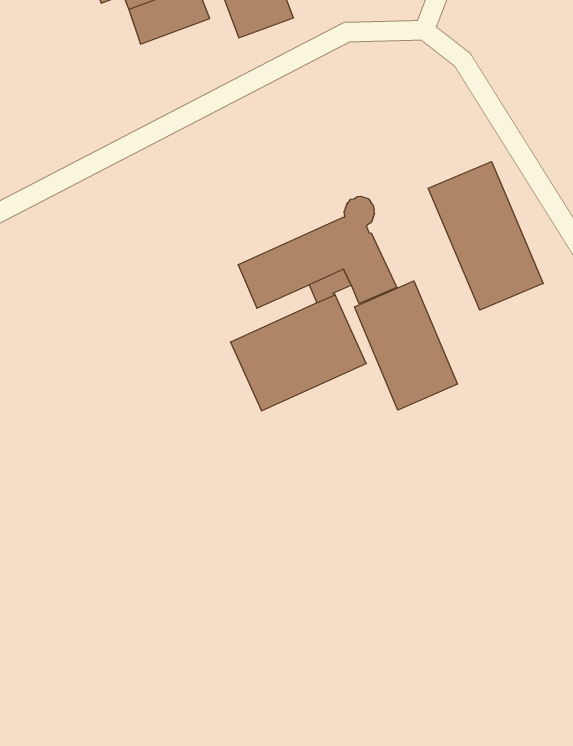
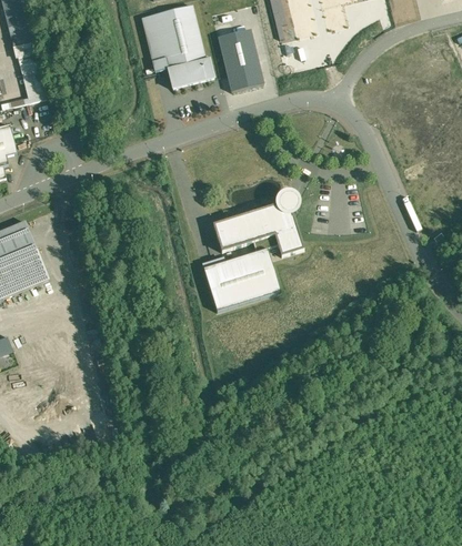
building: [428,162,543,310] -> none
building: [354,281,457,410] -> none

